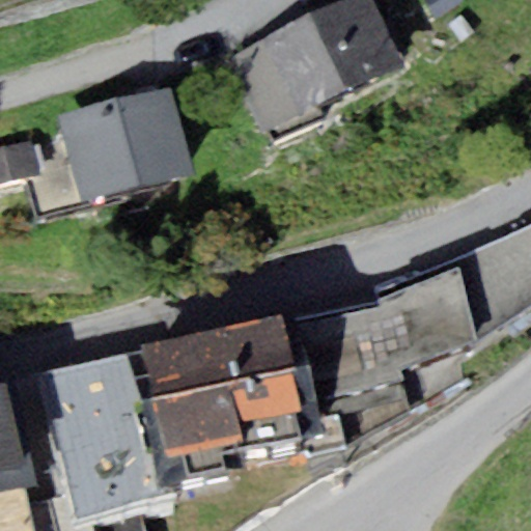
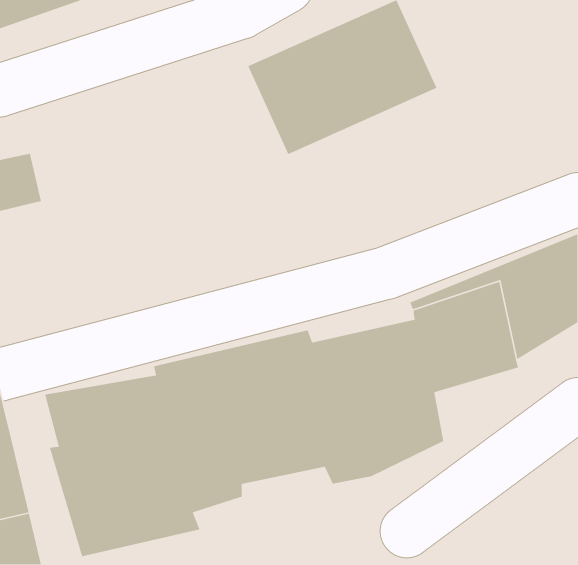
building: [57,89,193,223] -> none

